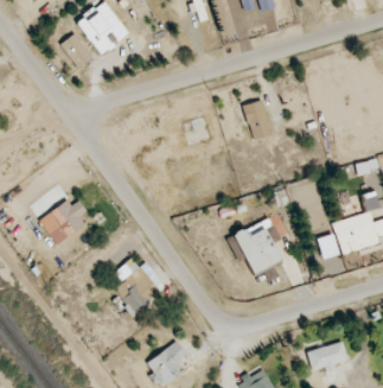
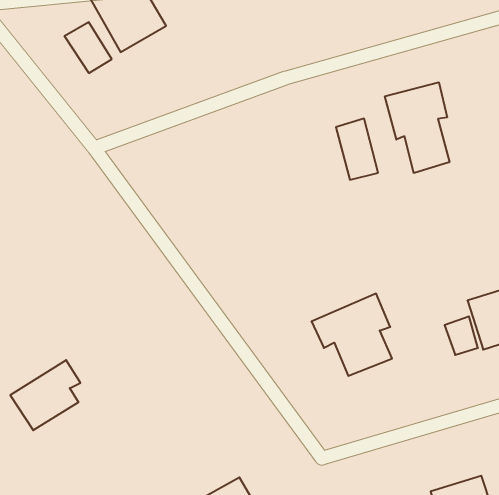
building: none -> [385,82,449,173]
building: [39,196,87,243] -> [10,360,80,430]
building: [113,267,160,314] -> none

